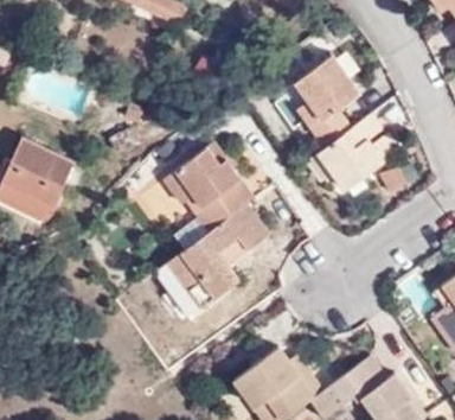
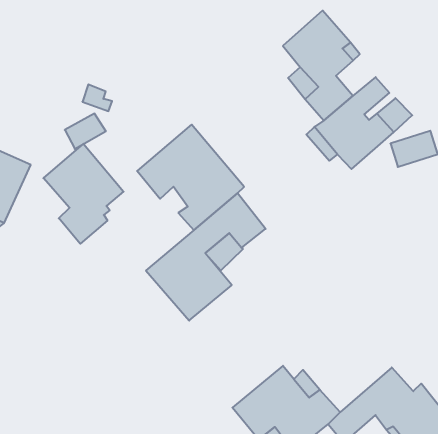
building: none -> [43,144,124,244]

